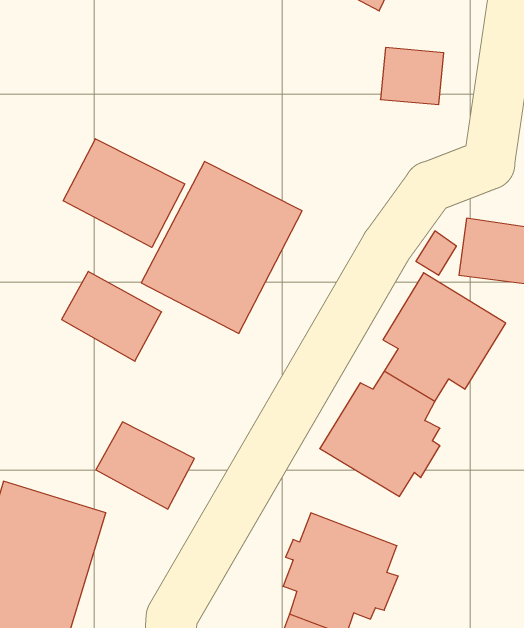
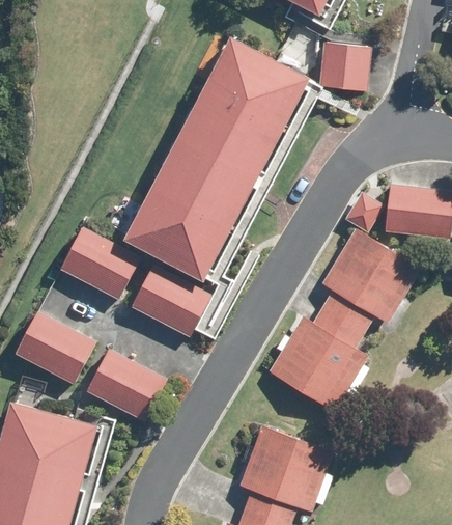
building: none -> [176,33,310,177]
building: [63,139,185,247] -> none
building: none -> [134,266,214,338]
building: none -> [16,311,97,385]

